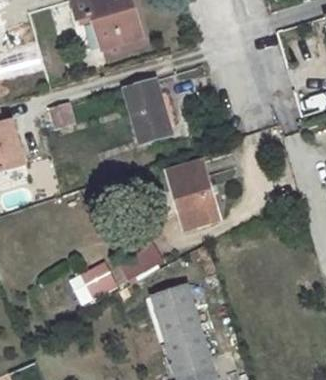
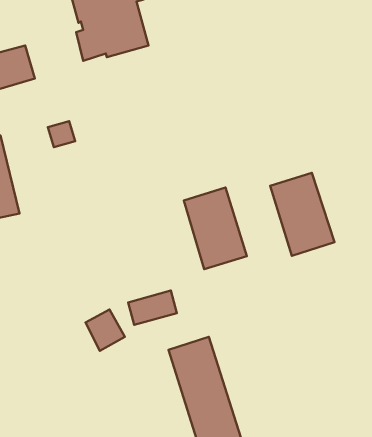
building: [125,79,172,141] -> none
building: none -> [270,173,335,256]

